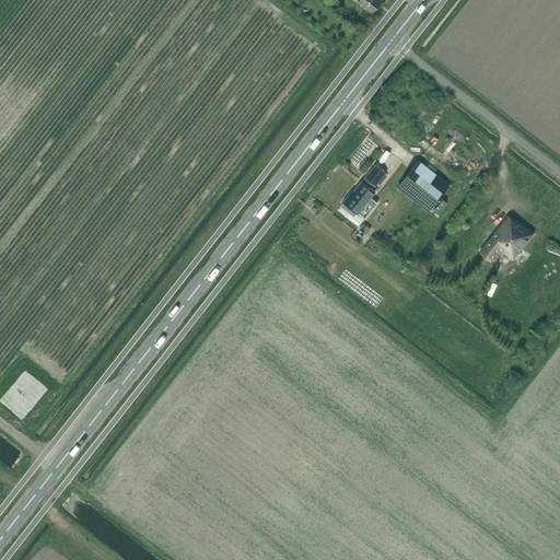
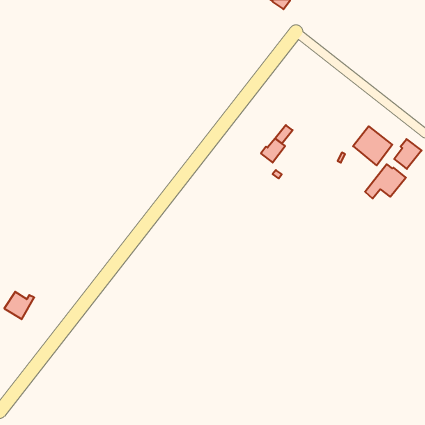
building: [397,160,448,211] -> [353,126,392,165]
building: none -> [394,139,422,169]

